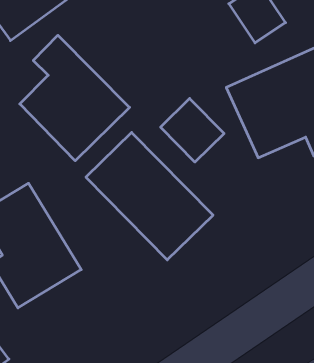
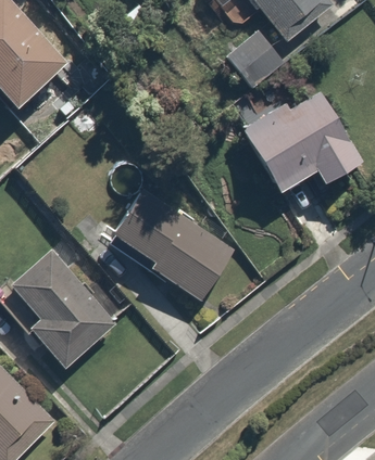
building: [20,35,130,161] -> none
building: [161,98,224,162] -> none

